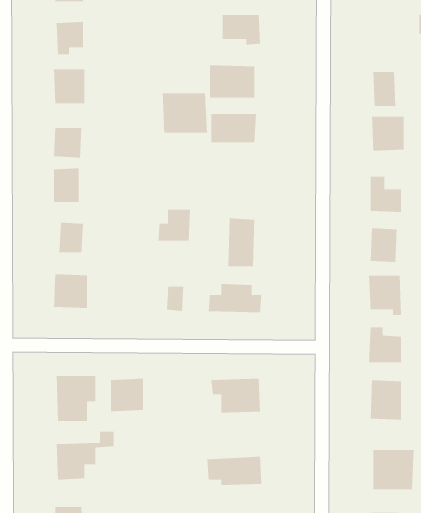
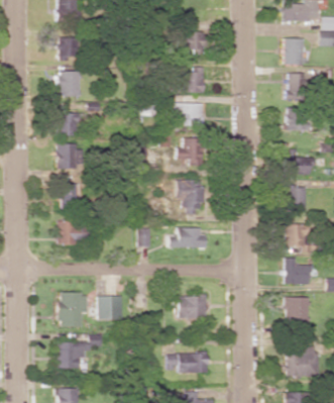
building: none -> [285,37,306,65]
building: [162,92,207,134] -> none
building: [157,209,191,241] -> [178,137,202,161]

